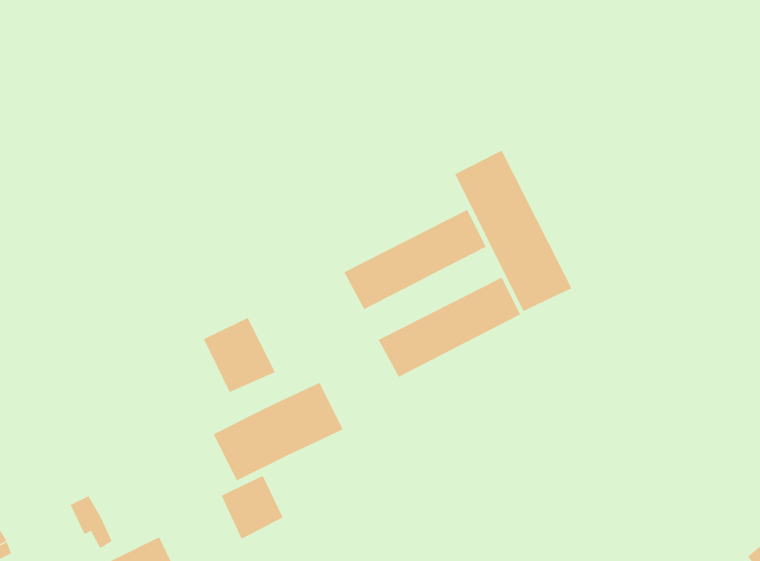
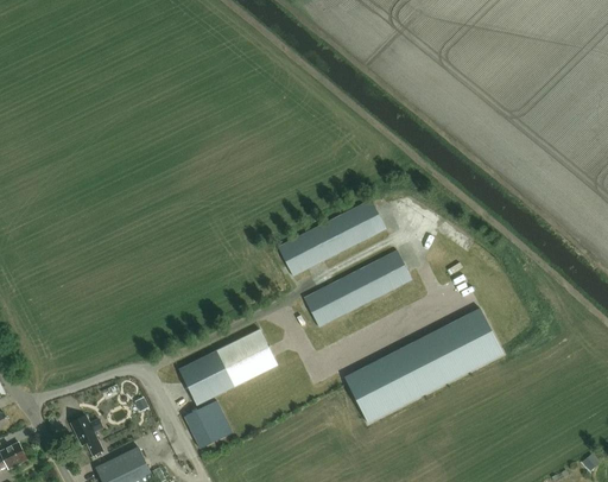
building: [455,150,572,312] -> none
building: [203,317,276,393] -> none
building: none -> [343,307,502,423]

